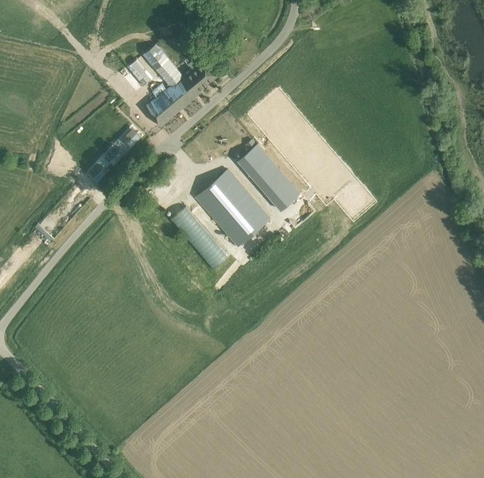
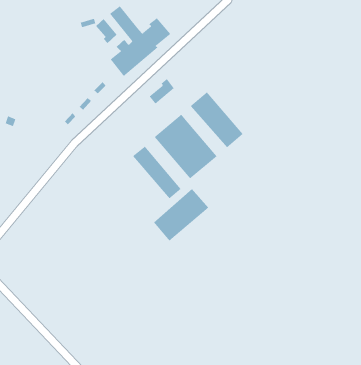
building: none -> [149,78,175,105]
building: none -> [153,188,209,242]

